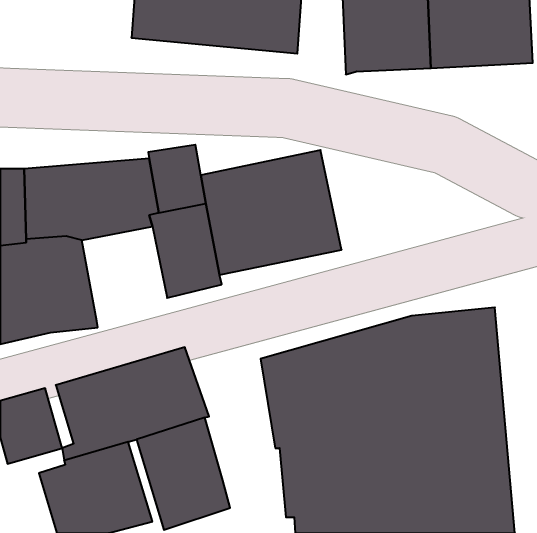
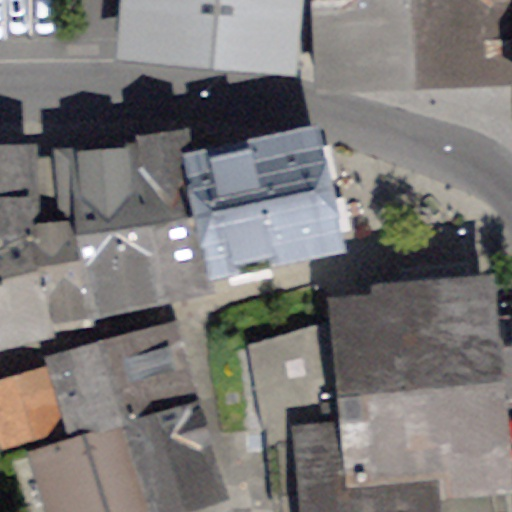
building: none -> [78,216,161,306]

